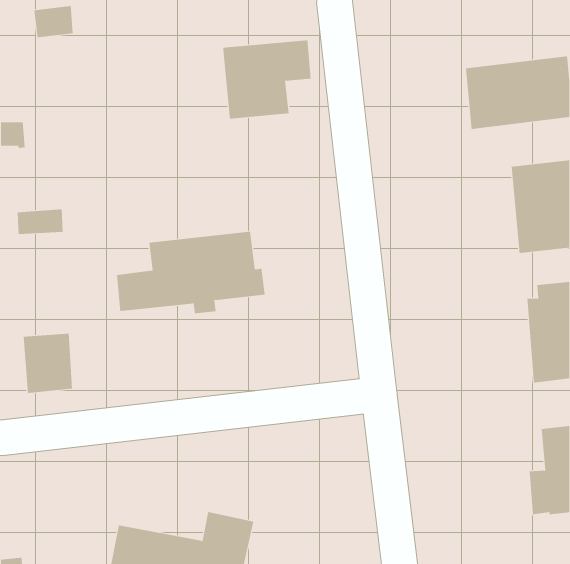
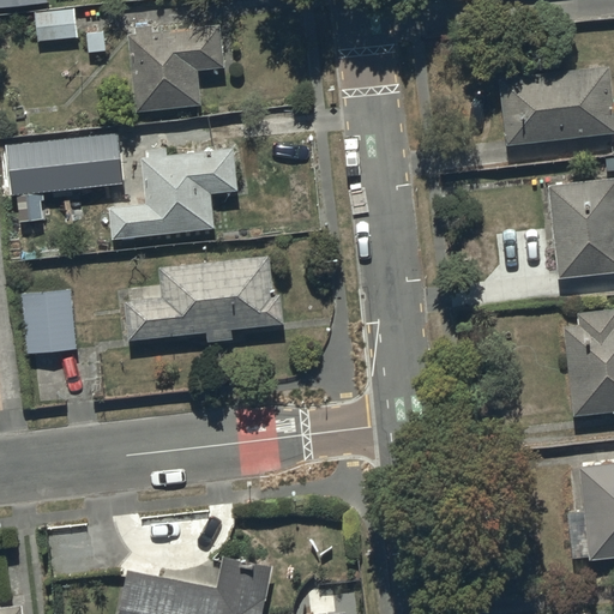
building: [222,40,312,119] -> [130,26,225,112]
building: none -> [31,128,118,203]
building: none -> [110,149,239,240]
building: [23,333,73,393] -> [22,290,76,355]

